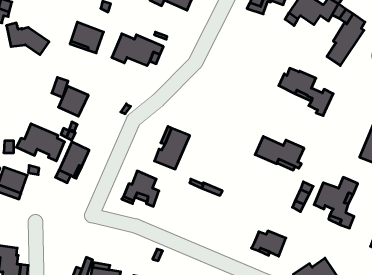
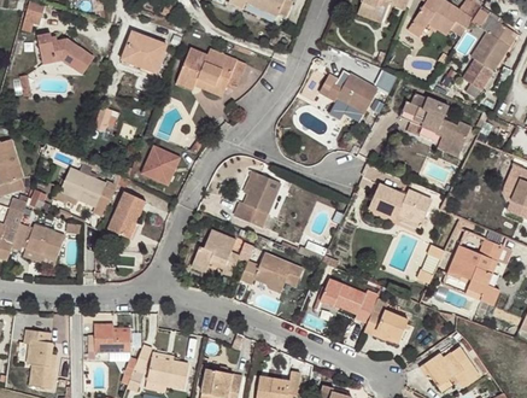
building: none -> [318,72,377,112]
building: [58,86,88,116] -> [141,145,181,185]
building: none -> [240,252,304,289]
building: none -> [320,277,380,324]
building: none -> [94,323,131,352]

